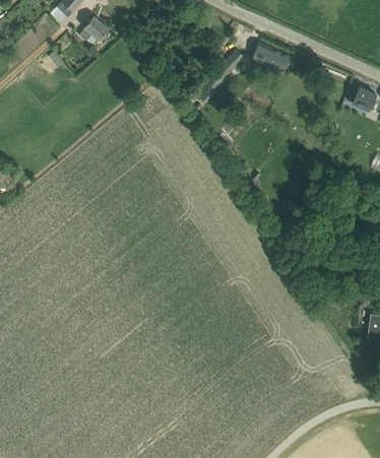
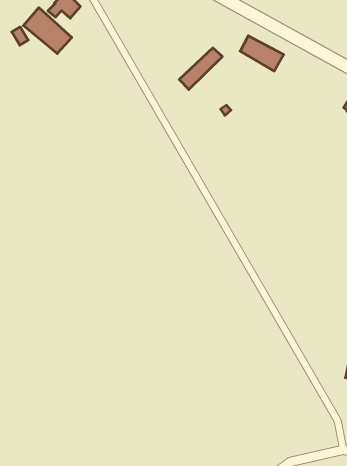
building: none -> [23,8,72,54]

